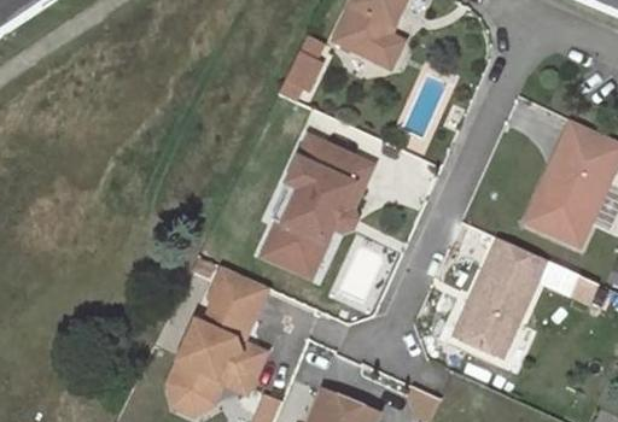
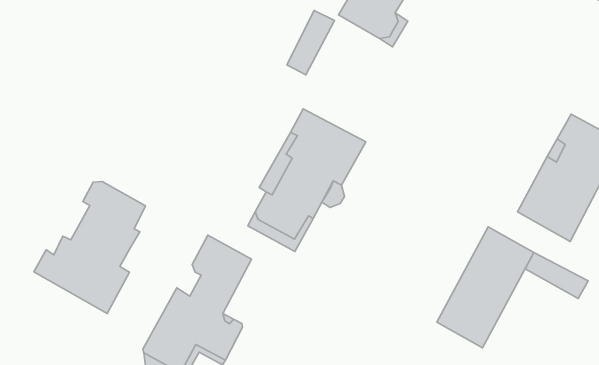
building: none -> [34,182,145,313]

